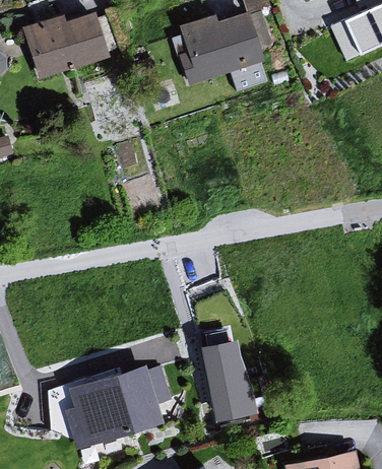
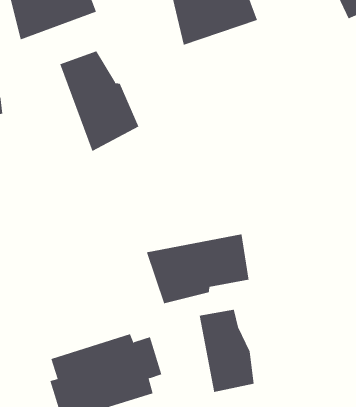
building: none -> [59,50,139,152]
building: none -> [146,234,249,304]

